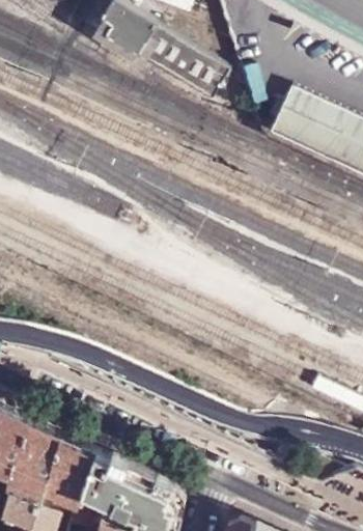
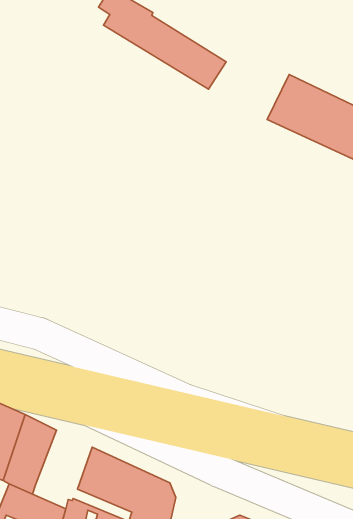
building: [36,439,92,508] -> none

